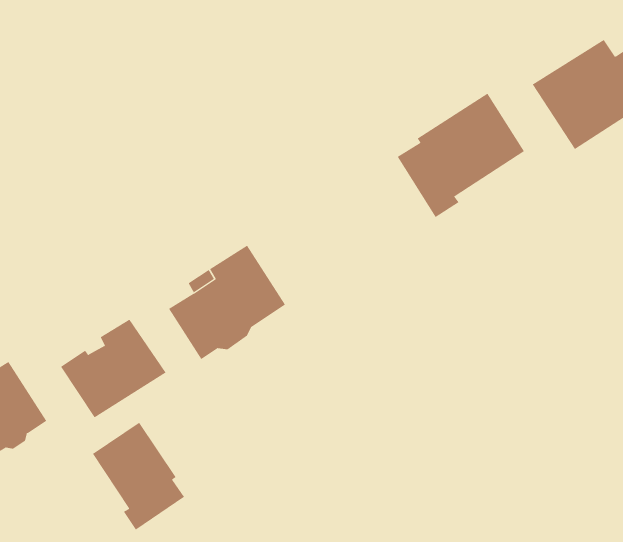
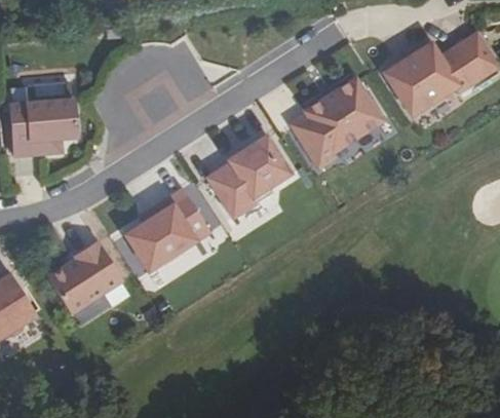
building: none -> [8,96,75,155]
building: none -> [206,134,291,219]
building: [92,422,185,530] -> none

